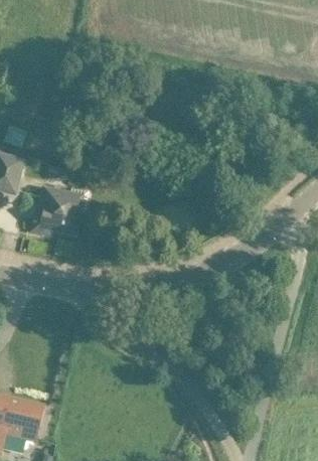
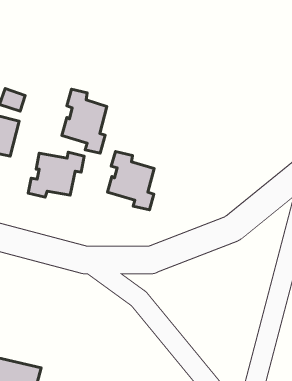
building: none -> [62,89,107,153]
building: none -> [107,151,154,210]

